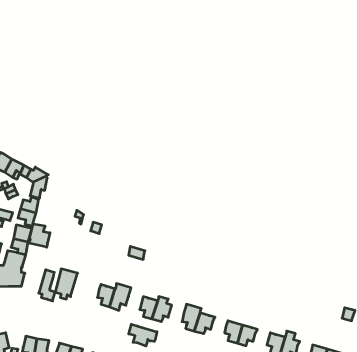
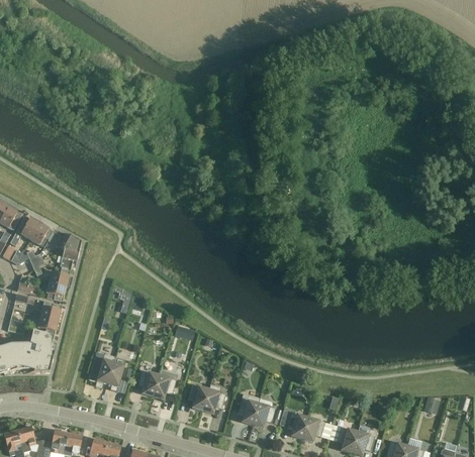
building: [29,224,50,247] -> none
building: [39,270,55,301] -> [107,357,126,393]
building: [129,324,157,346] -> none

